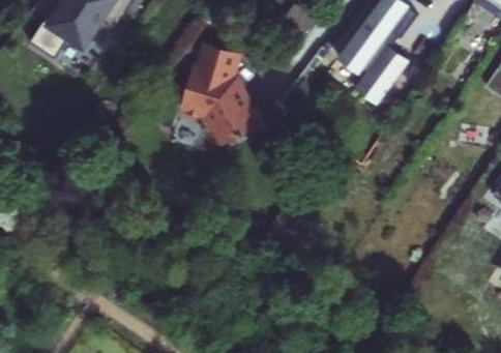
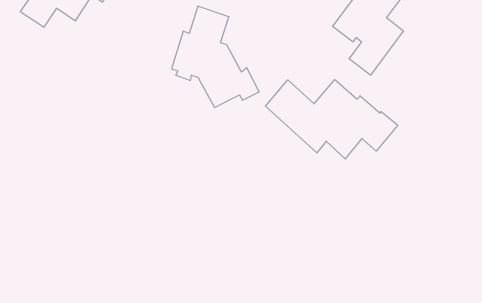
building: none -> [265,80,398,159]

